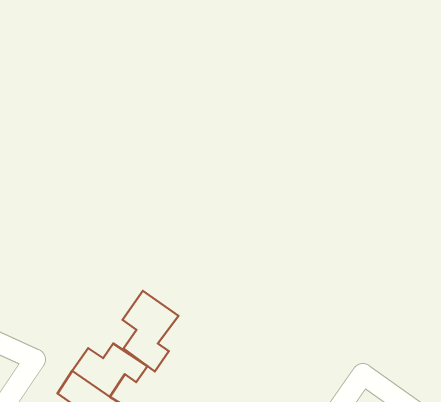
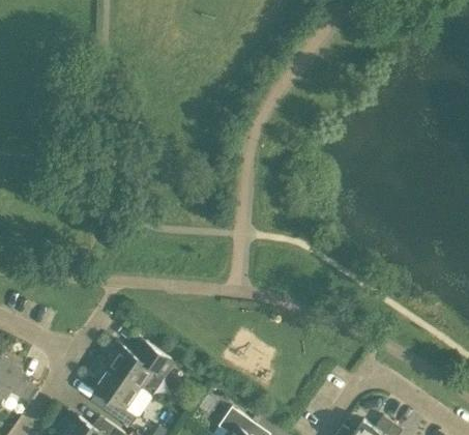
building: [123,291,178,372] -> none

